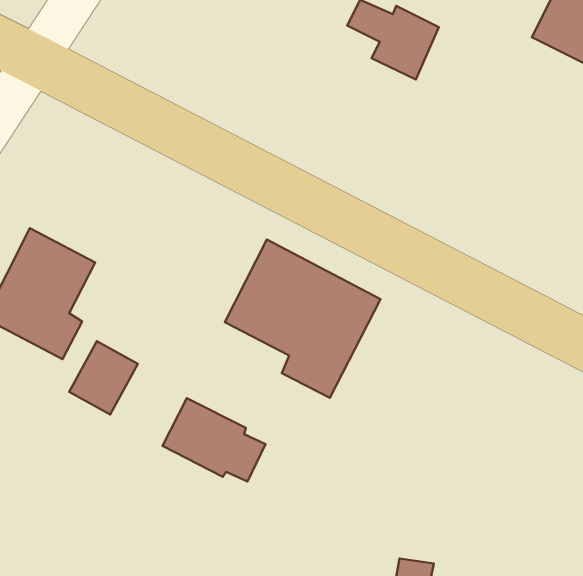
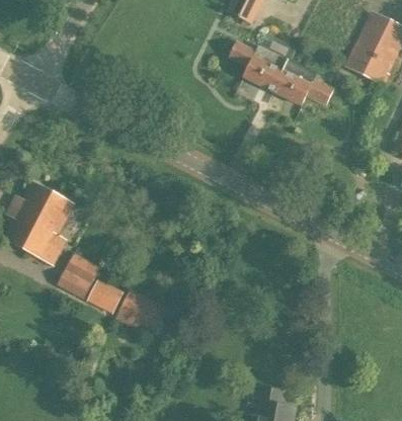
building: none -> [271,59,333,105]
building: [225,240,381,398] -> none
building: none -> [86,278,124,313]

